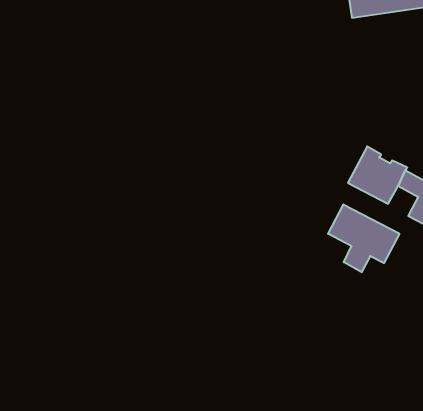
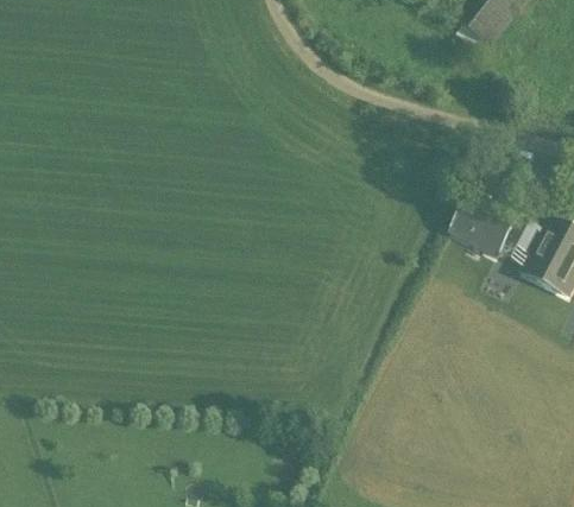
building: [328,204,399,272] -> none

